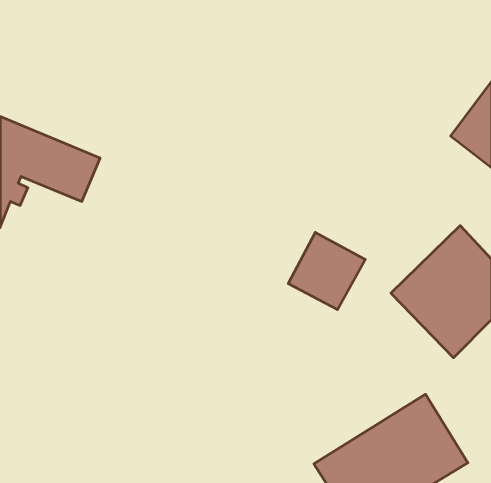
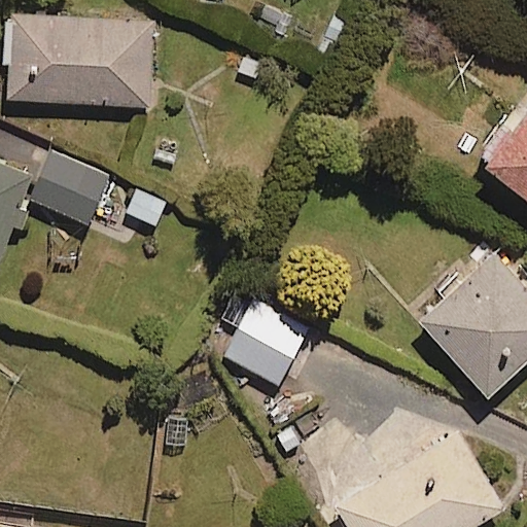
building: none -> [6,14,153,106]
building: [288,232,365,310] -> [225,305,308,387]

